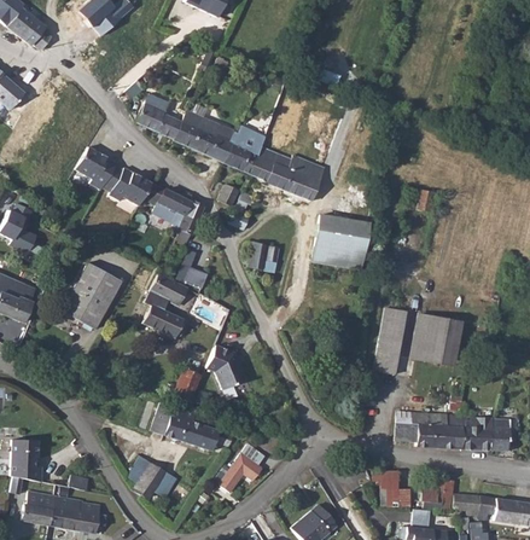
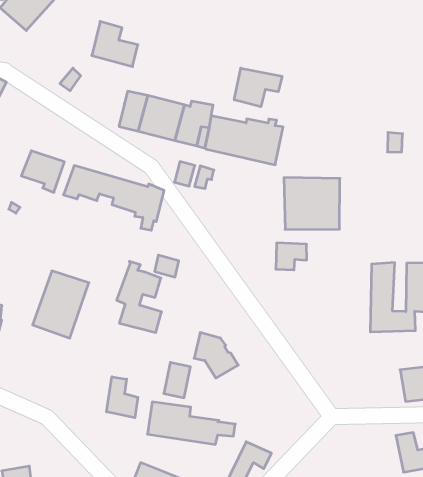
building: [136,91,181,138] -> [92,21,138,67]
building: none -> [234,68,282,107]
building: [246,240,279,268] -> [276,243,307,270]
building: none -> [107,377,138,418]

